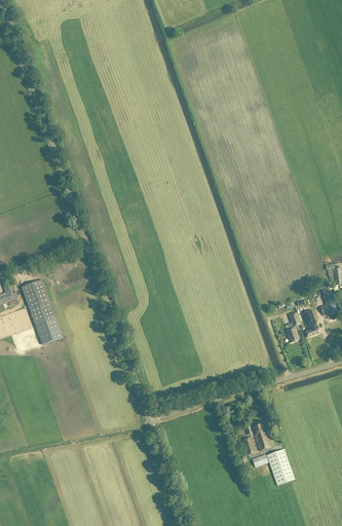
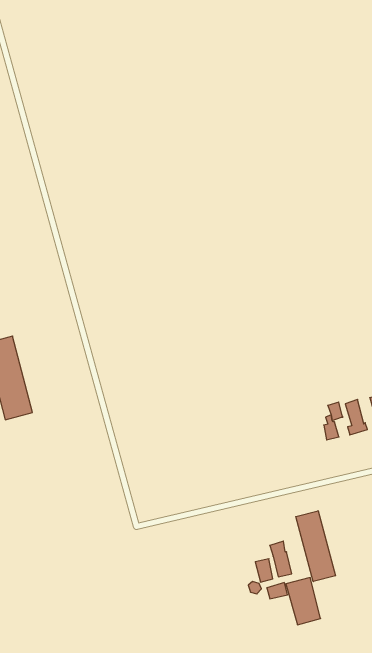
building: none -> [296,511,336,582]

